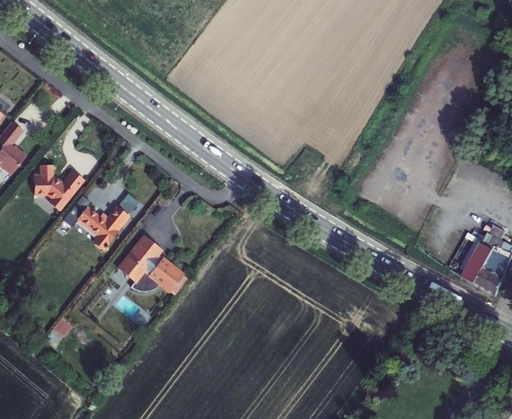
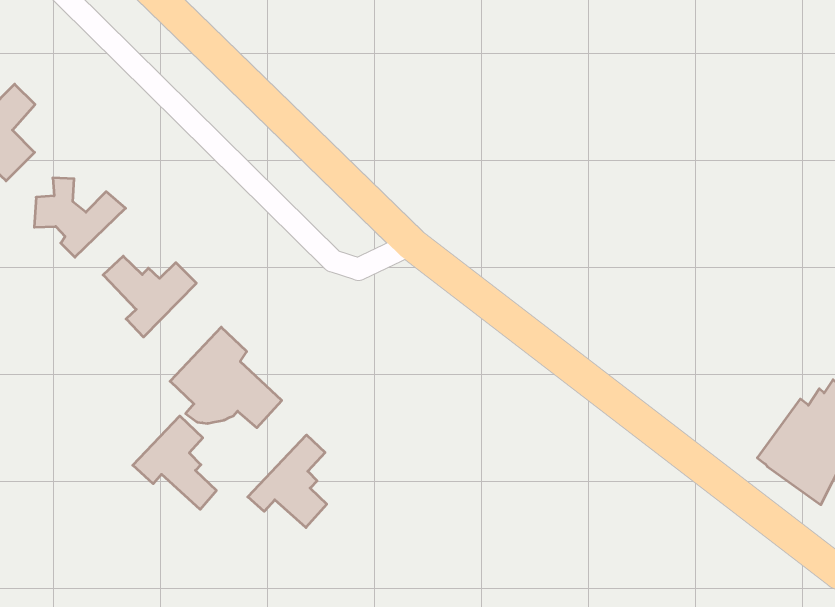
building: none -> [133,416,216,509]
building: none -> [248,435,327,528]

